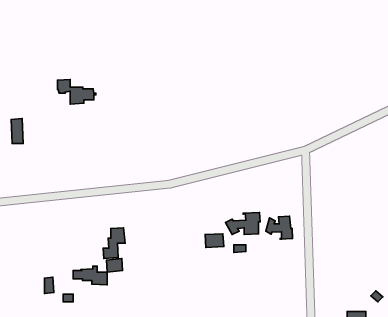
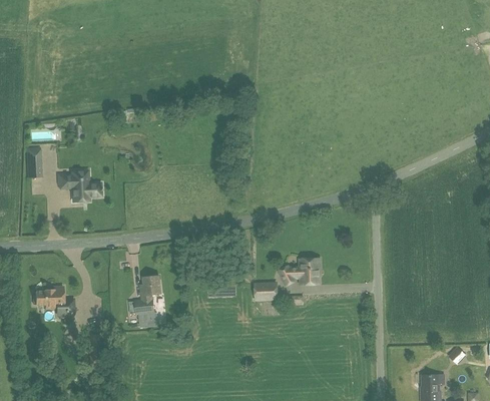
building: [57,79,96,104] -> [57,171,102,200]
building: [266,216,292,239] -> none
building: [73,266,107,285] -> [30,288,70,310]

